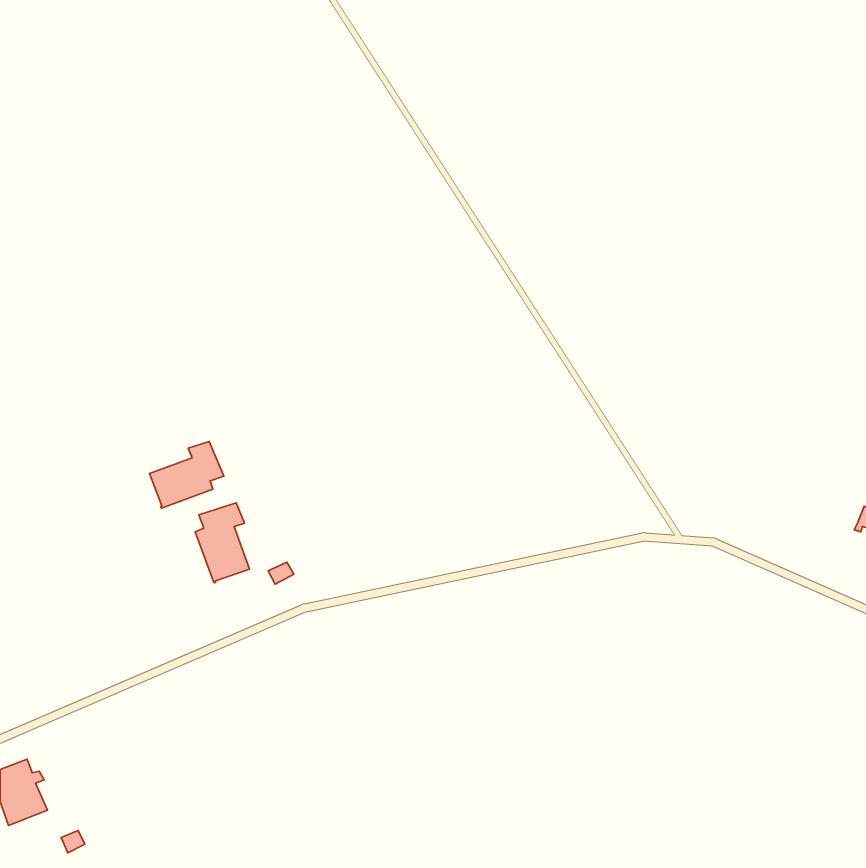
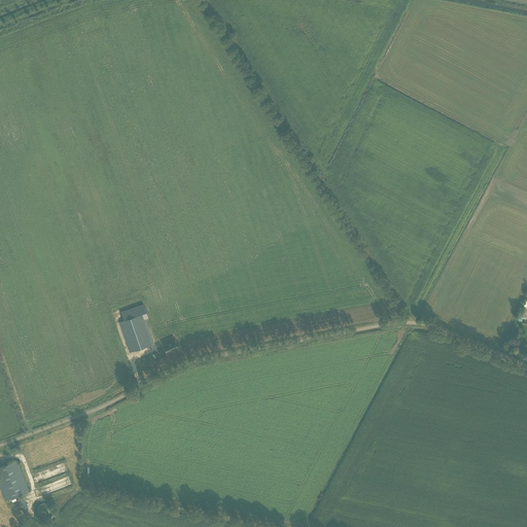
building: [150,441,224,508] -> none

